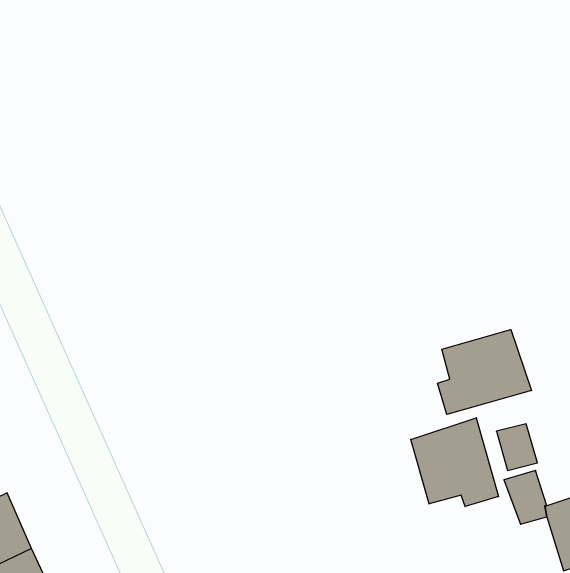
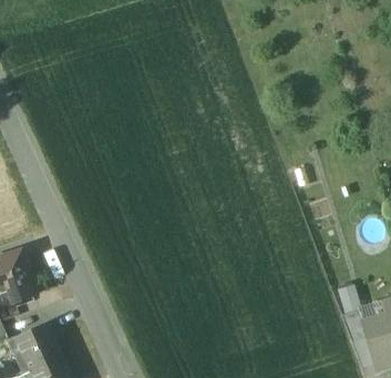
building: [438,330,532,414] -> none
building: [411,418,499,507] -> none

